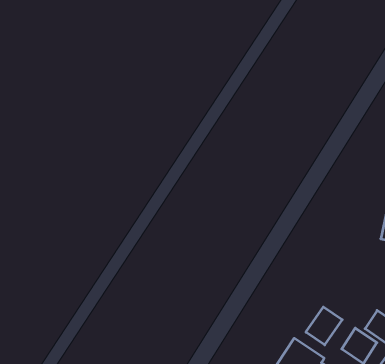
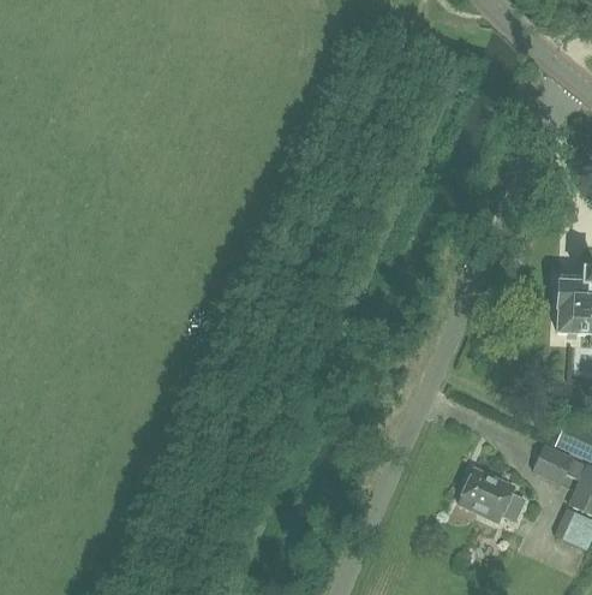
building: [306,307,342,345] -> none

